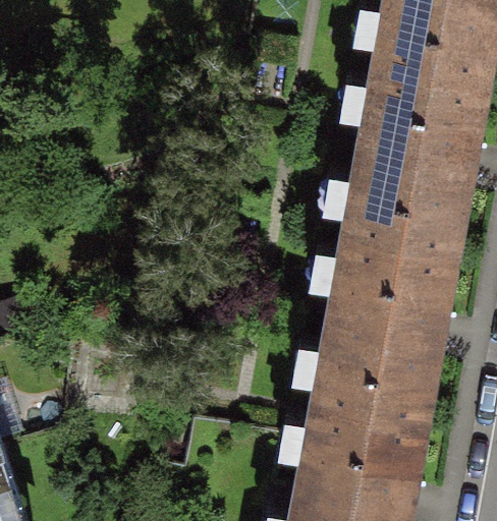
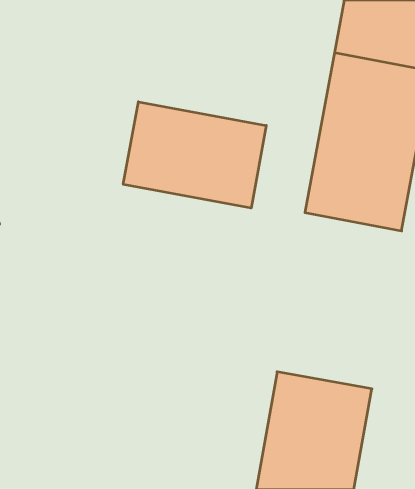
building: none -> [123,102,266,208]
building: [317,226,449,413] -> none

